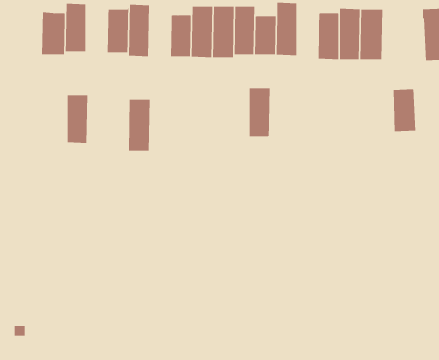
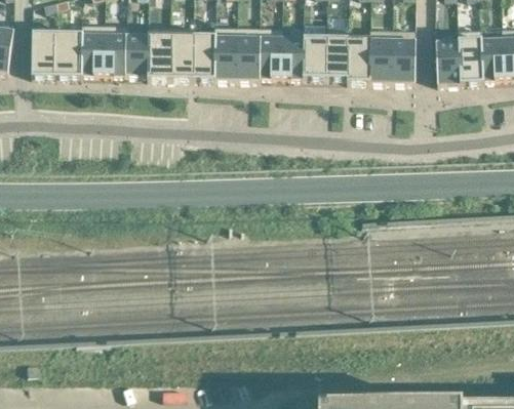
building: none -> [31,29,57,74]
building: [249,88,270,140] -> [325,24,348,78]
building: [393,89,416,132] -> [435,36,460,81]
building: [67,95,88,144] -> [104,21,126,72]
building: [128,99,150,151] -> [169,22,193,76]

